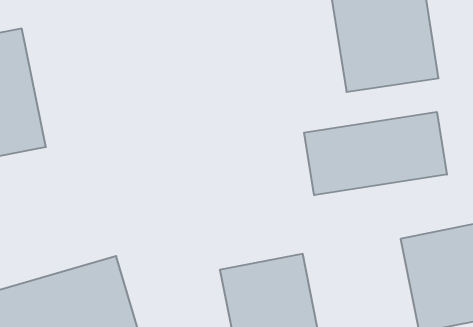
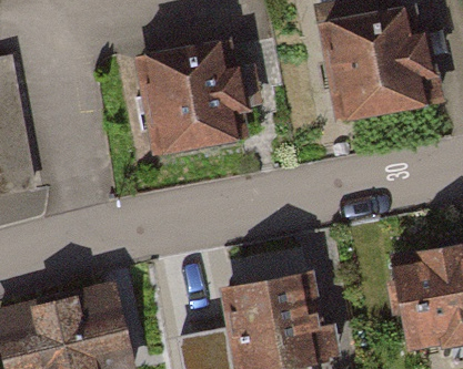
building: none -> [137,48,234,155]
building: [304,112,447,195] -> none

